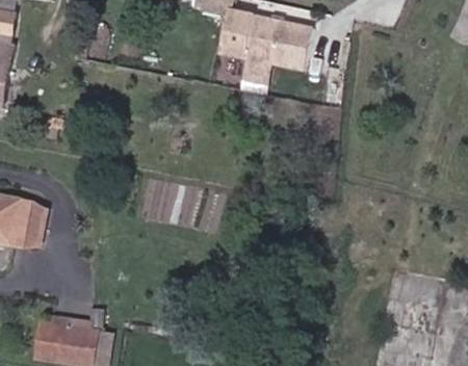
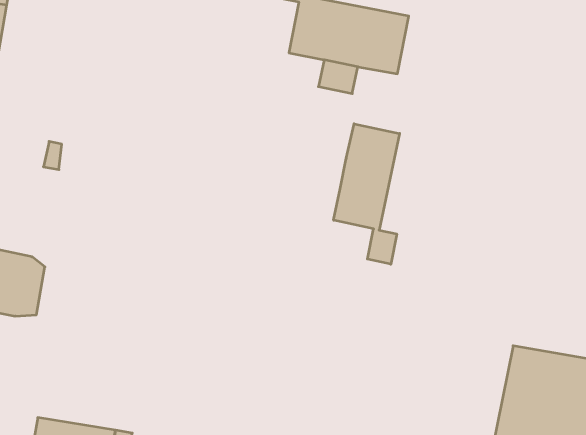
building: none -> [334,124,400,264]

